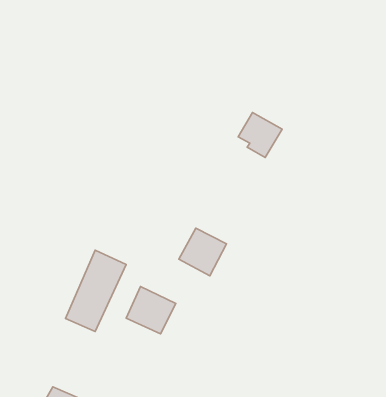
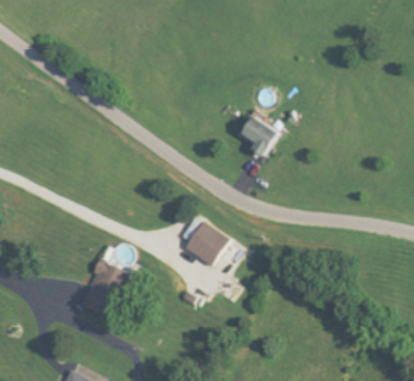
building: [126,287,176,334] -> none

